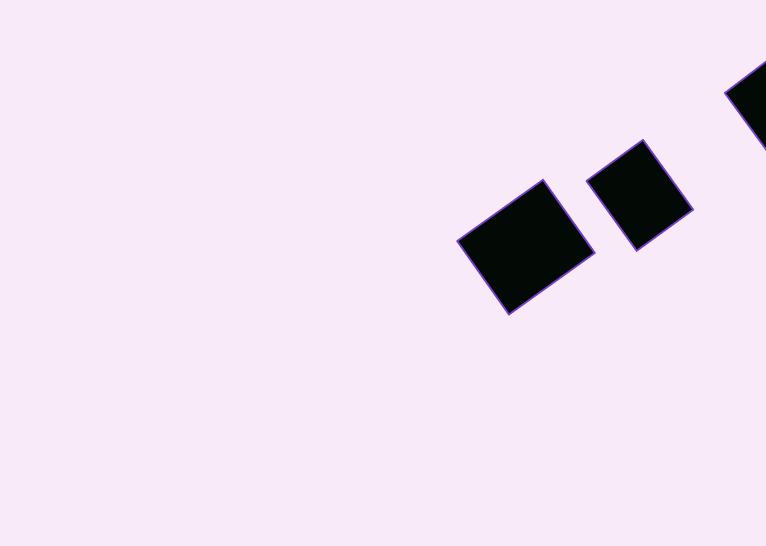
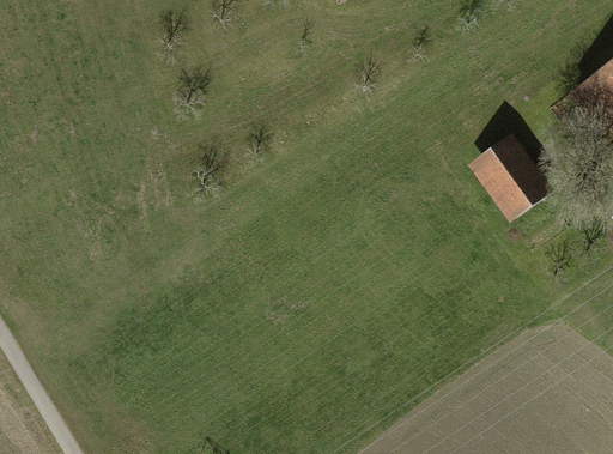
building: [457,180,595,315] -> none

